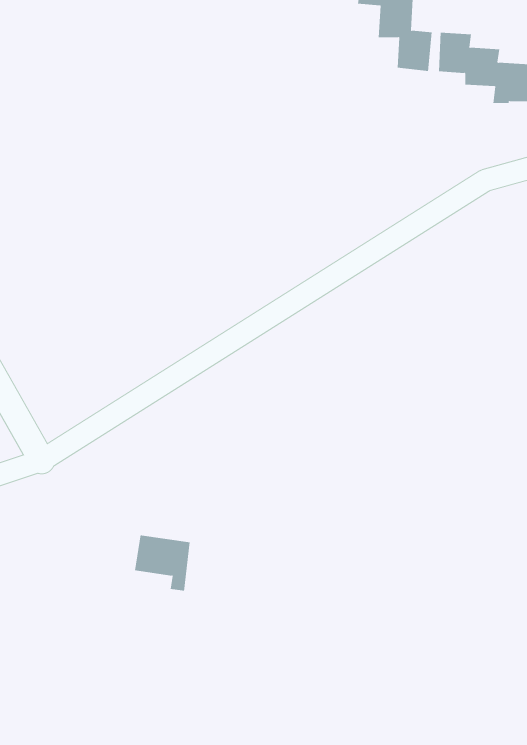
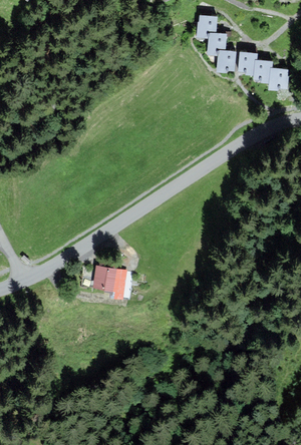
building: [134,535,191,591] -> [96,267,126,297]

